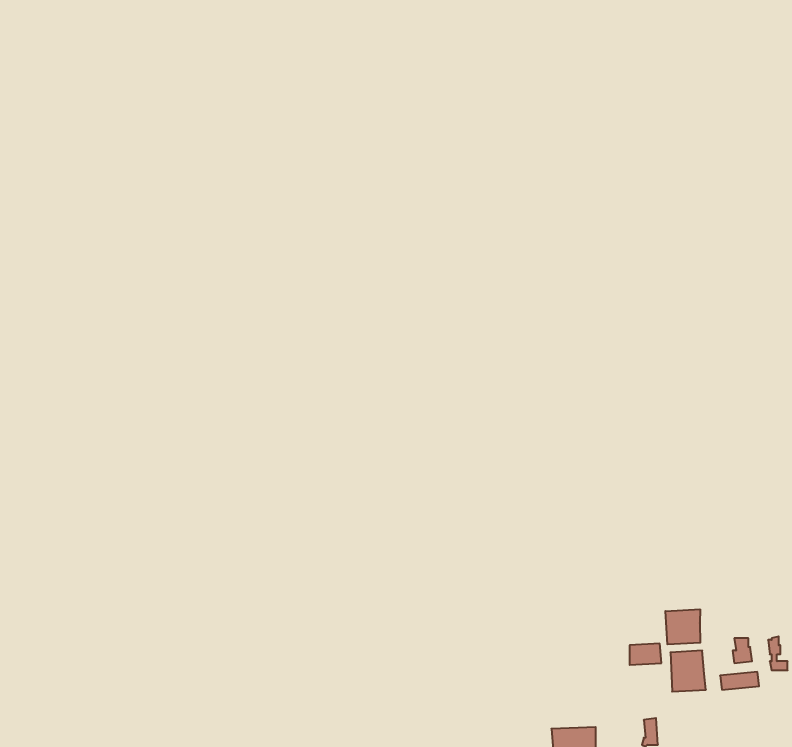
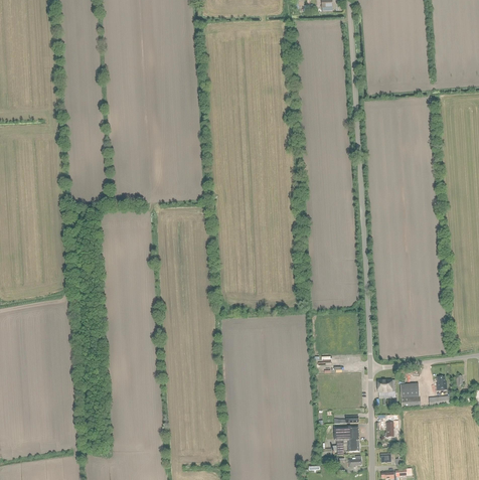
building: [665,609,700,644] -> none

